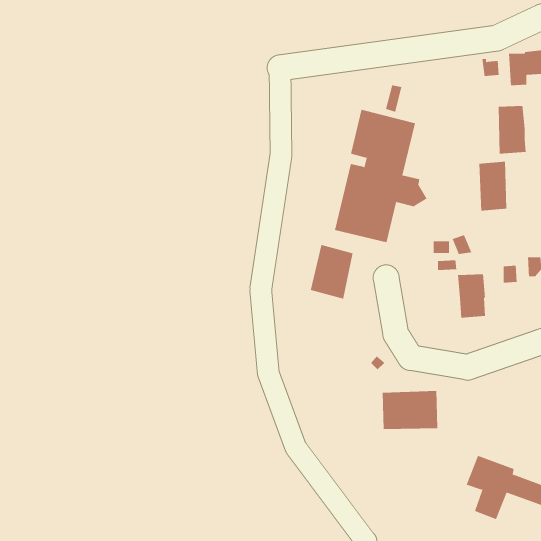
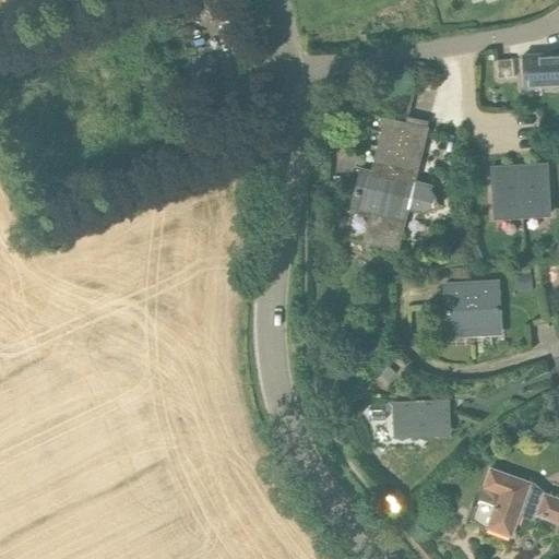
building: [498,105,526,154] -> [522,165,551,215]
building: [310,244,353,299] -> none
building: none -> [444,283,475,329]

